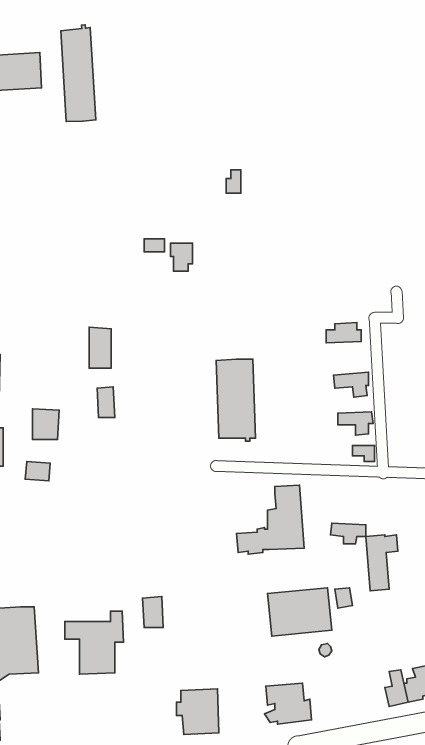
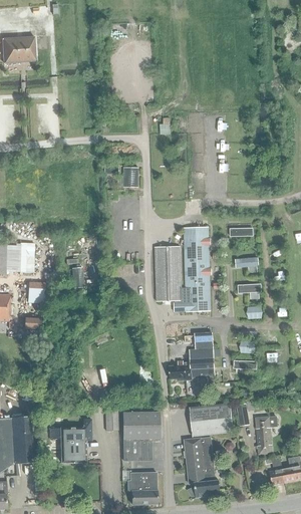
building: [61,25,96,121] -> none
building: [89,327,111,368] -> [19,244,34,272]
building: none -> [172,227,210,312]
building: [366,535,398,591] -> [255,416,277,454]
building: none -> [122,412,159,461]
building: none -> [184,438,213,471]

